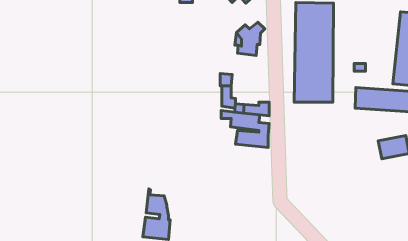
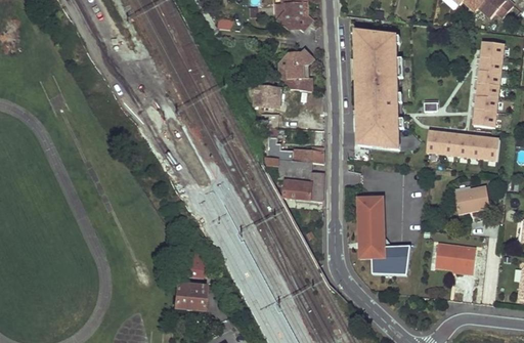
building: none -> [246,84,282,108]
building: none -> [360,199,407,275]
building: none -> [434,245,475,273]

